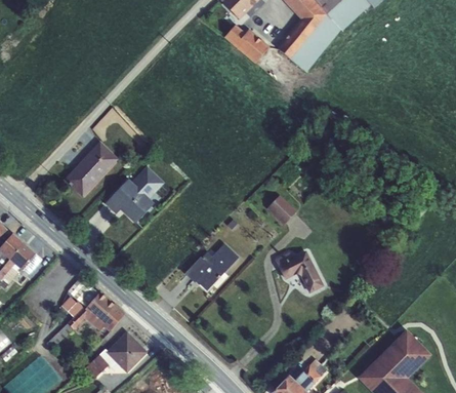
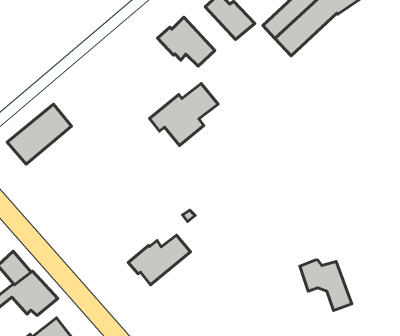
building: none -> [158,17,215,66]
building: [105,166,164,224] -> [149,83,218,145]
building: [265,194,296,224] -> none
building: [274,250,324,294] -> [300,260,352,311]

